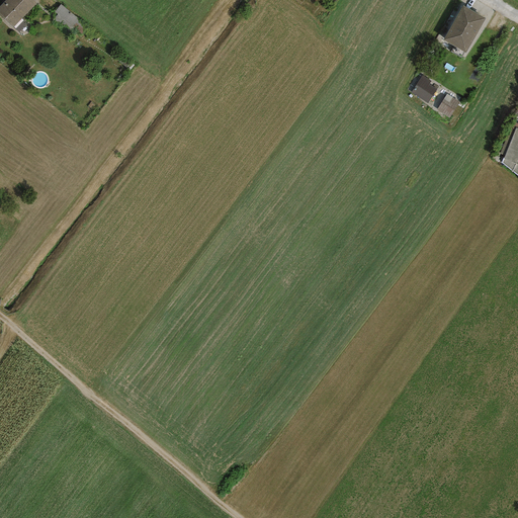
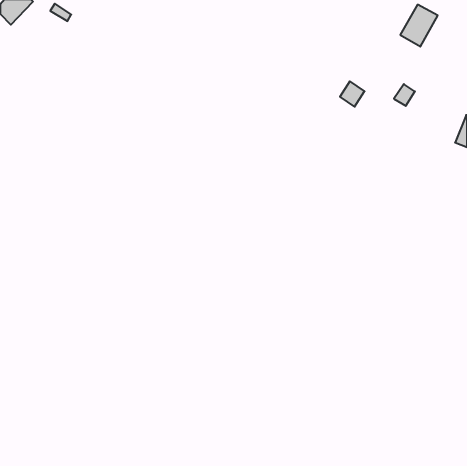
building: [411,75,438,103] -> [340,81,365,107]

